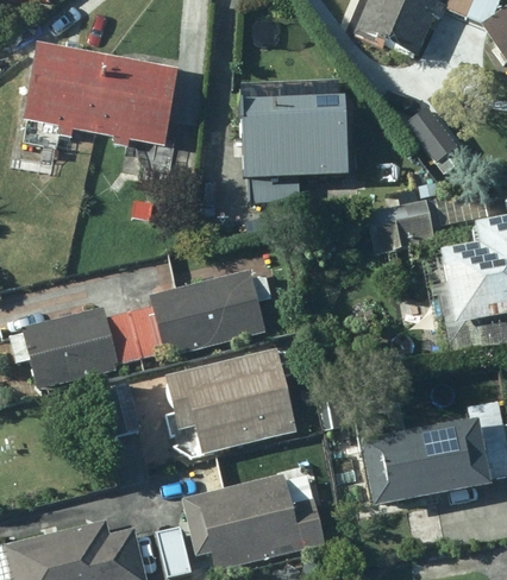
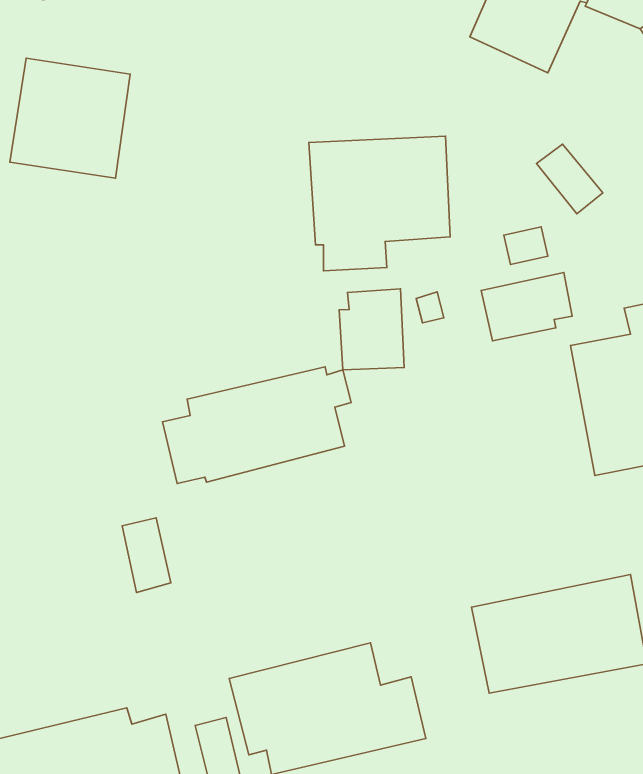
building: [99,56,175,143] -> none
building: none -> [339,289,404,370]
building: [24,309,143,389] -> none
building: [167,349,296,455] -> none

